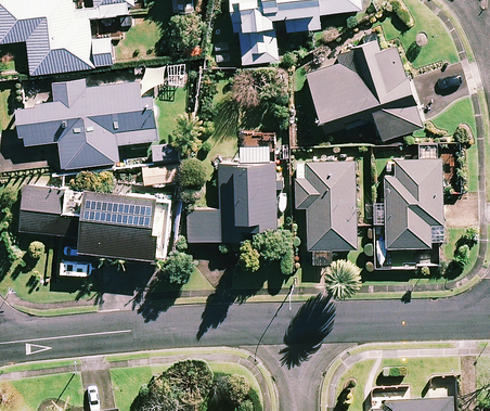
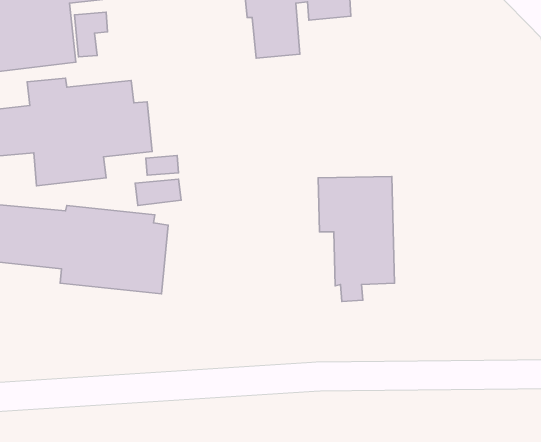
building: [306,40,422,141] -> none
building: [384,145,456,249] -> none
building: [186,164,275,242] -> none

